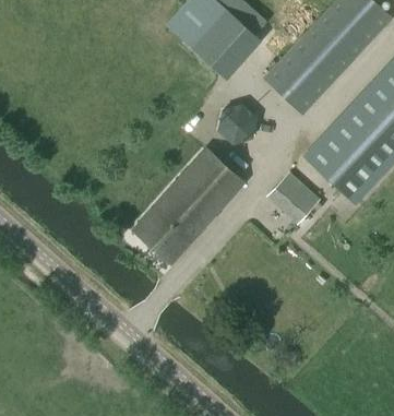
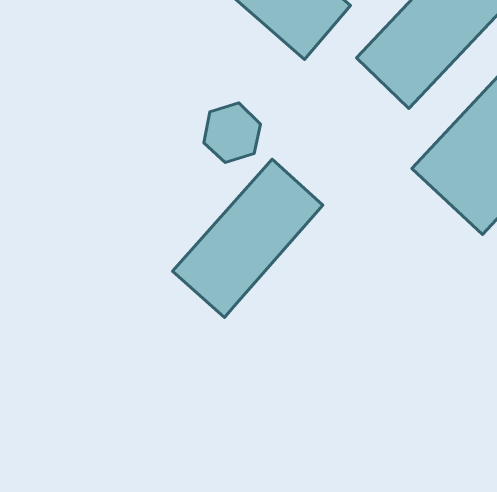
building: [217,103,258,145] -> [204,103,260,163]
building: [268,173,319,223] -> none

